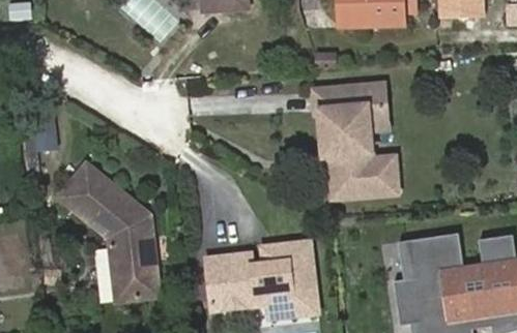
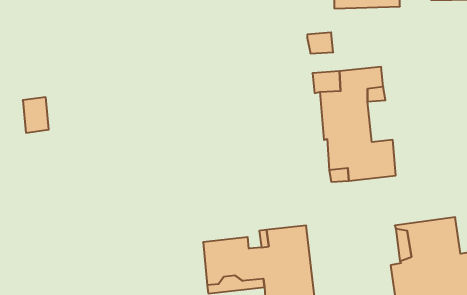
building: [59,161,159,298] -> none

